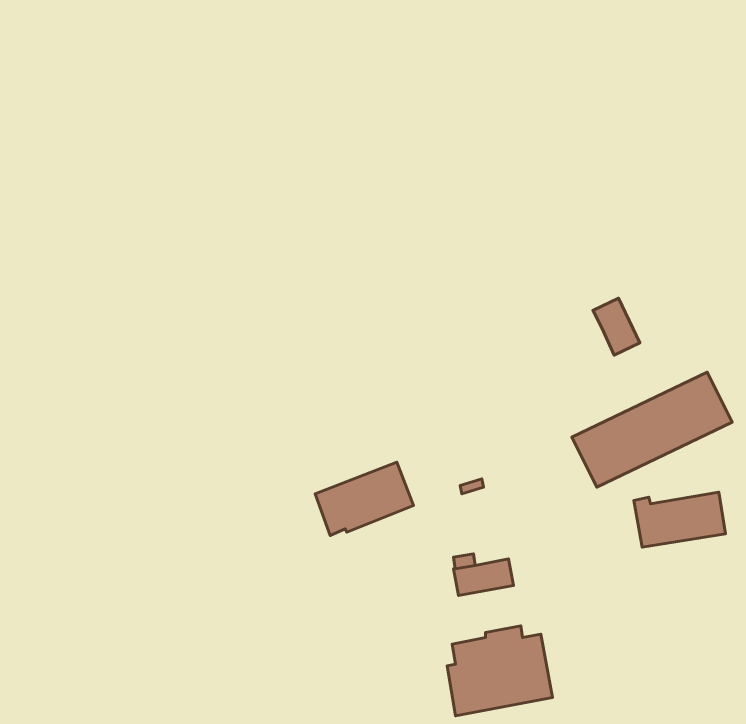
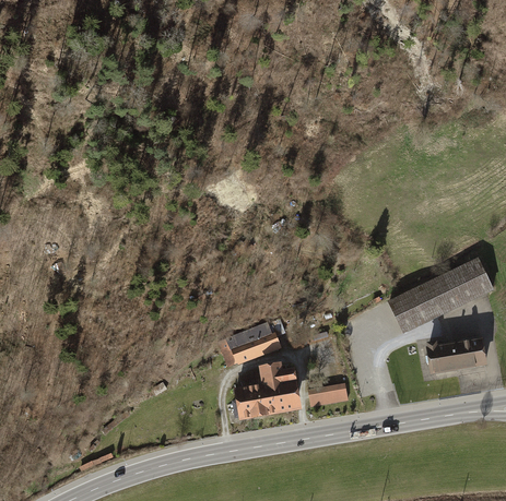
building: [593,298,640,355] -> none
building: [447,626,552,716] -> [235,362,304,421]

